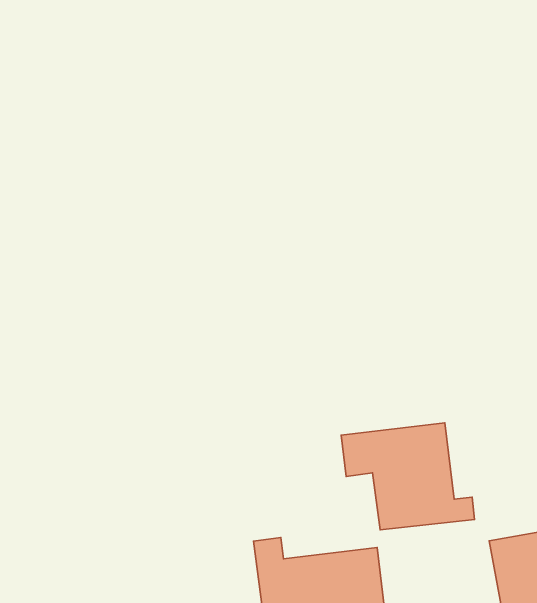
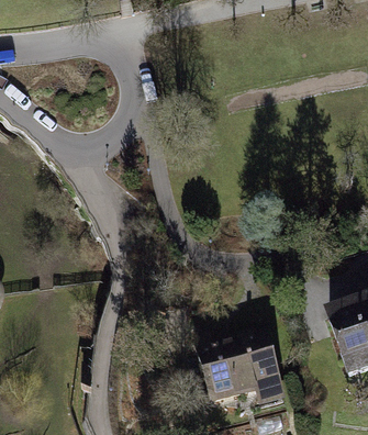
building: [341,423,474,530] -> none

